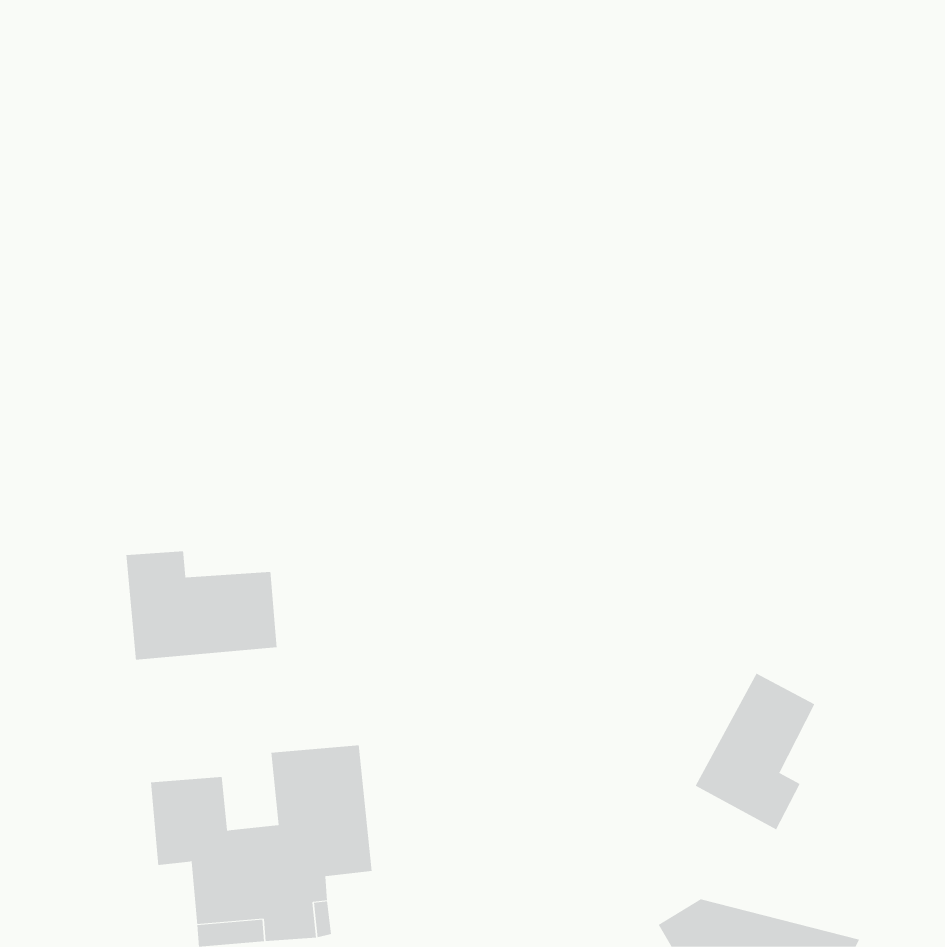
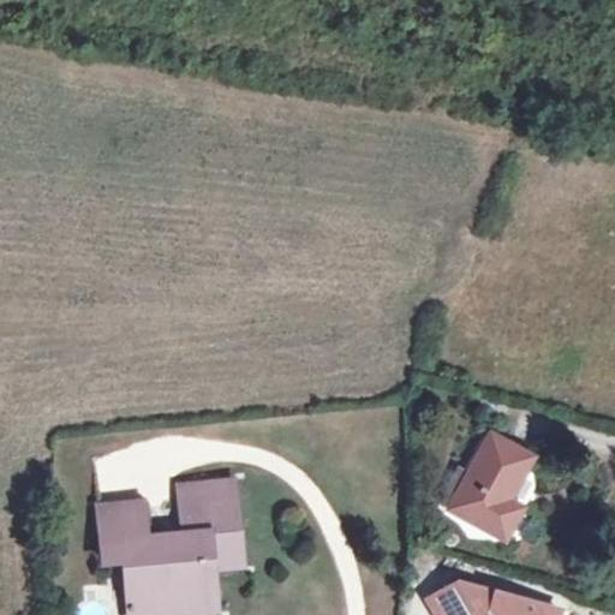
building: [126,551,277,660] -> none

